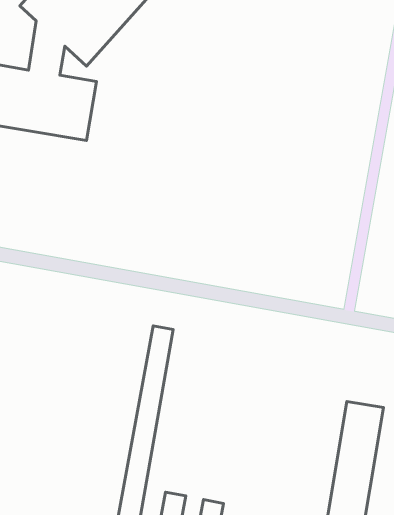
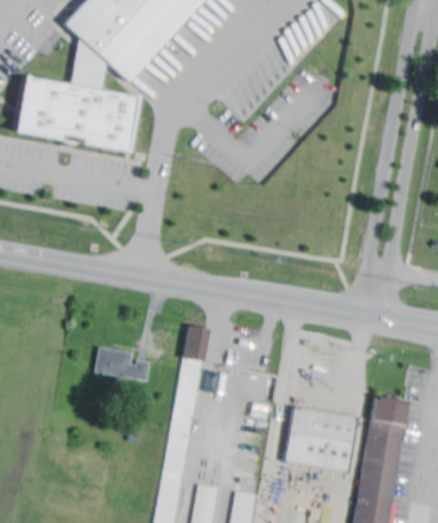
building: none -> [95,346,151,382]
building: none -> [284,406,358,474]

